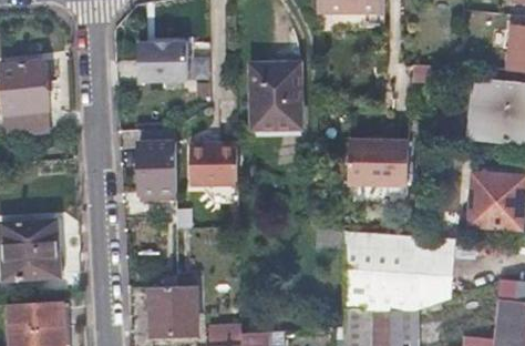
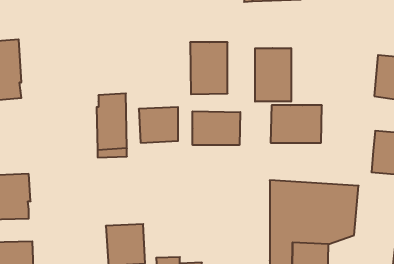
building: [137,42,187,82] -> none
building: none -> [255,48,291,102]
building: none -> [193,111,240,145]

